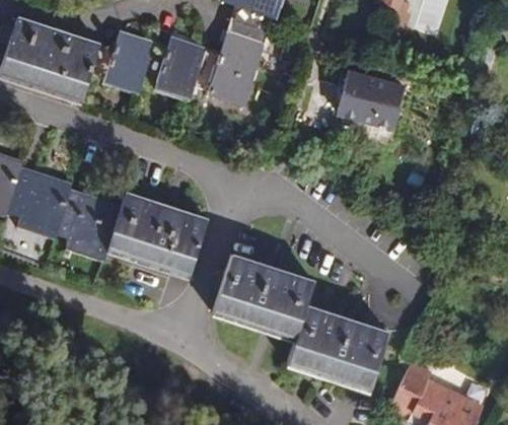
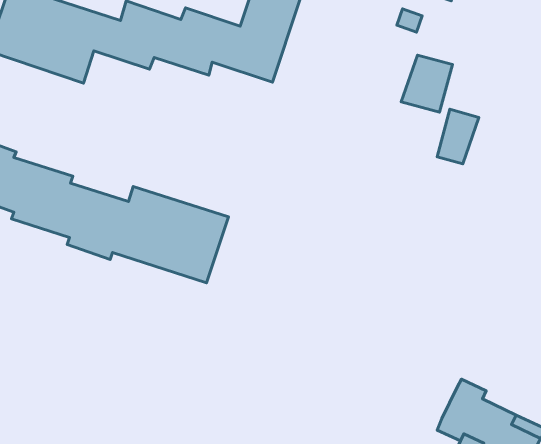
building: [337,72,373,120] -> [437,109,479,164]
building: [211,254,389,392] -> none

